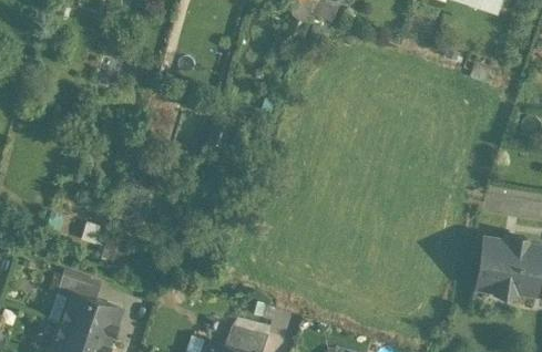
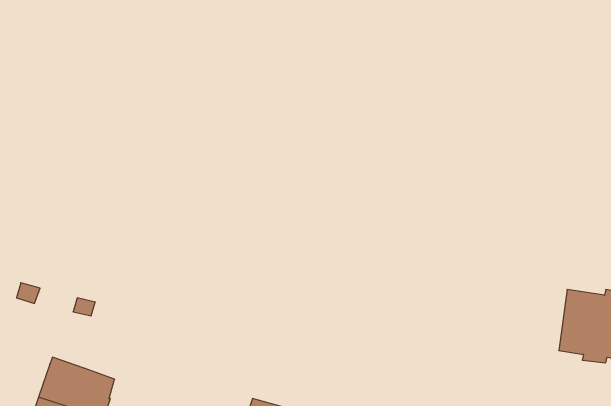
building: [58,273,102,299] -> none

